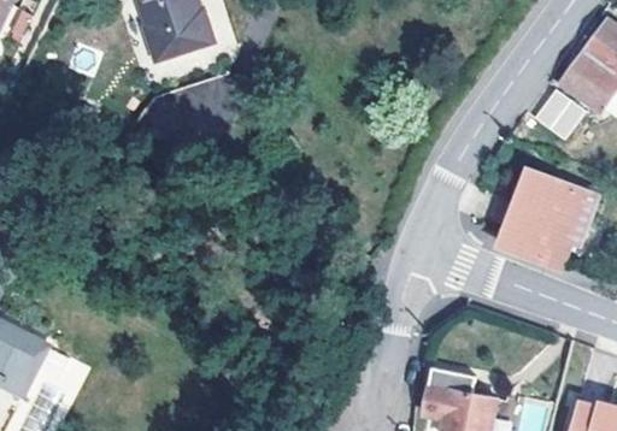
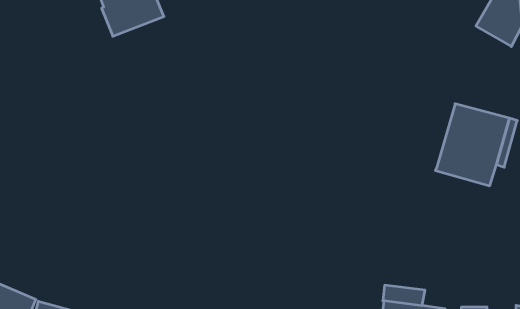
building: [530,89,583,141] -> none

